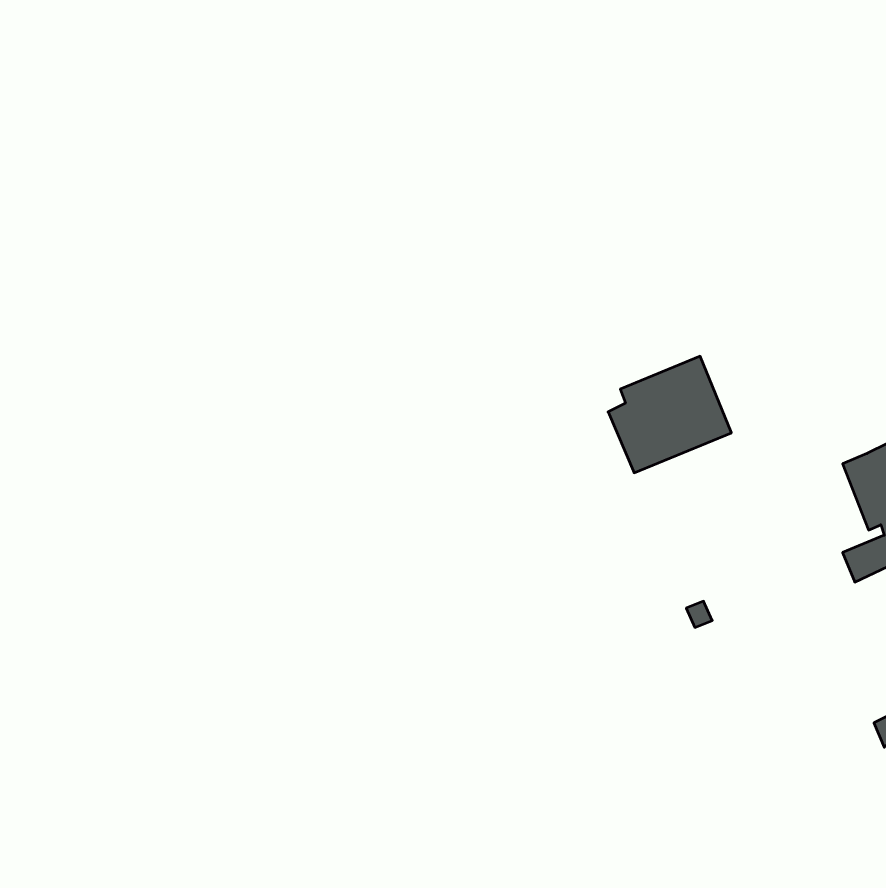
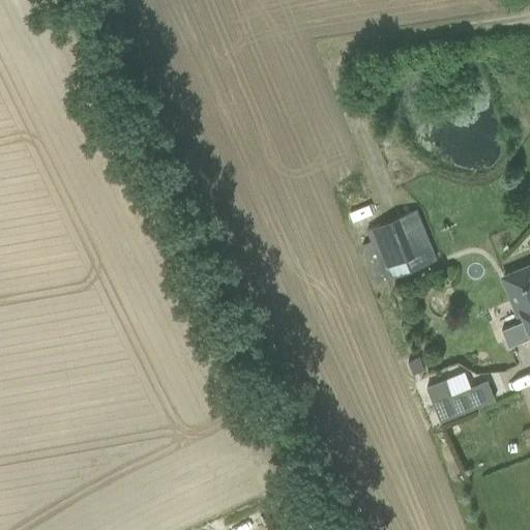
building: none -> [428,379,496,421]

